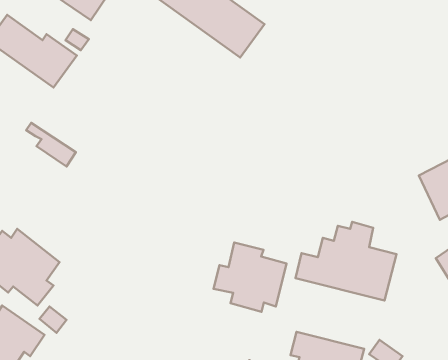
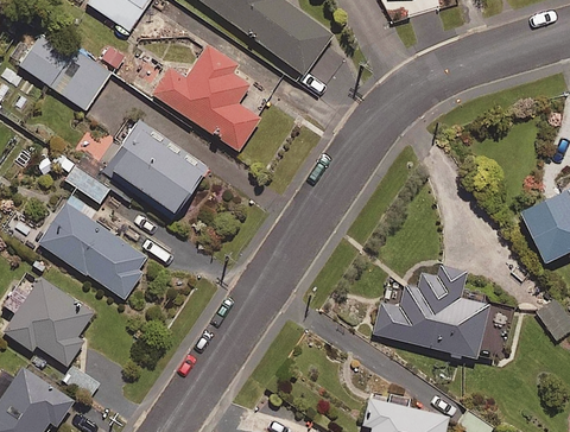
building: none -> [153,45,261,151]
building: none -> [109,119,209,212]
building: none -> [39,195,152,299]
building: [214,243,286,312] -> none

